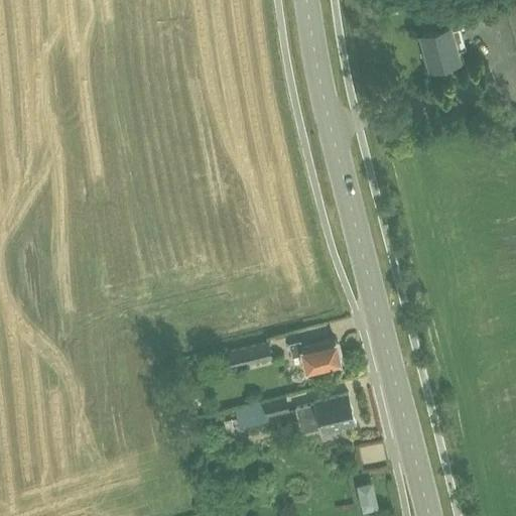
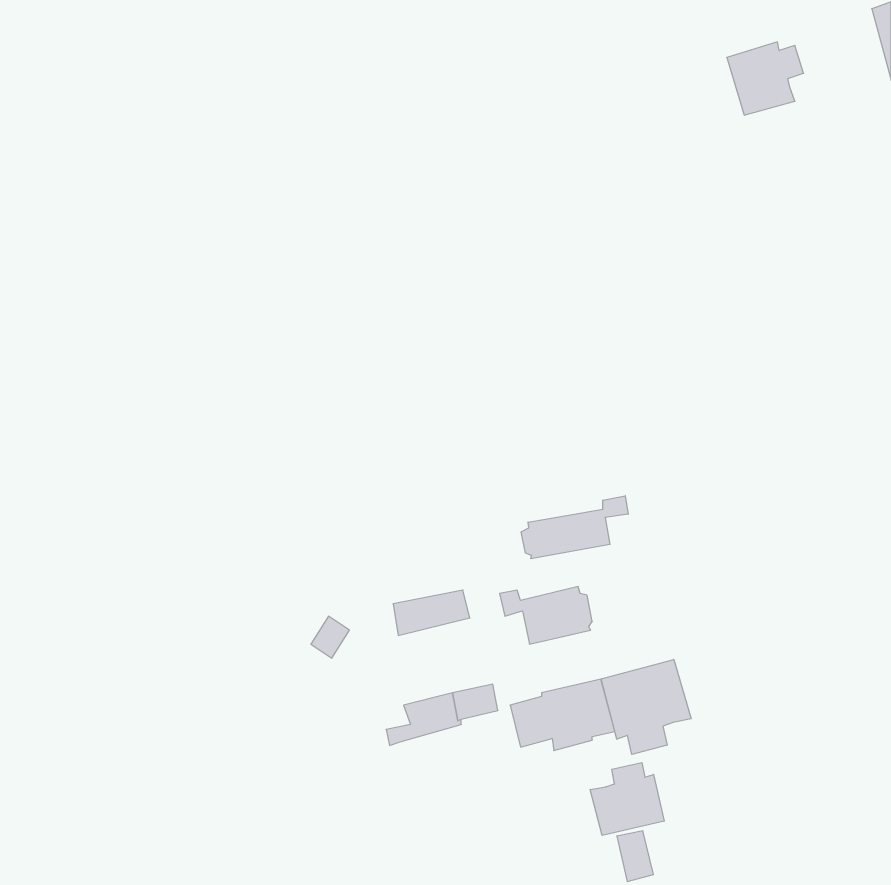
building: none -> [521,496,628,559]
building: none -> [601,659,691,754]
building: none -> [590,763,664,835]

